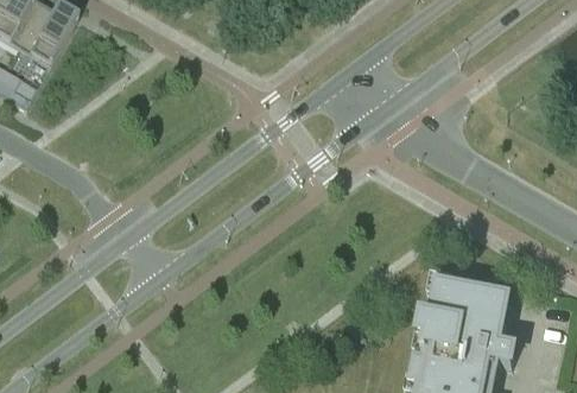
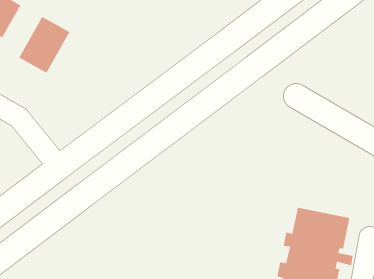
building: none -> [18,16,71,74]

